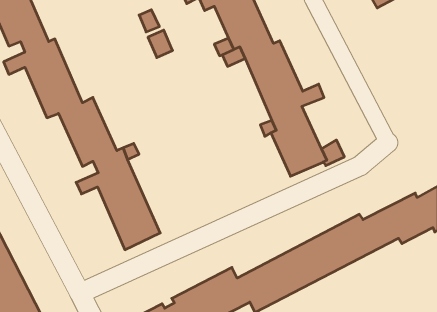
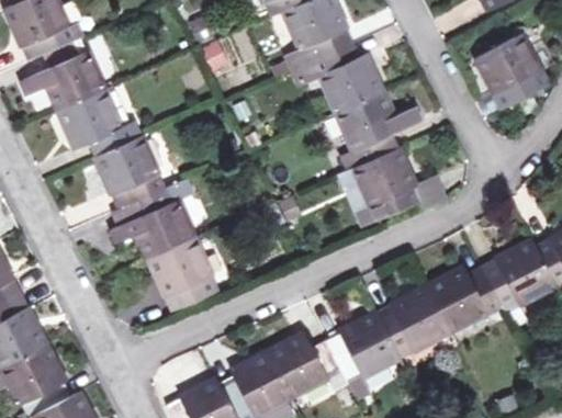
building: none -> [473,32,547,103]

